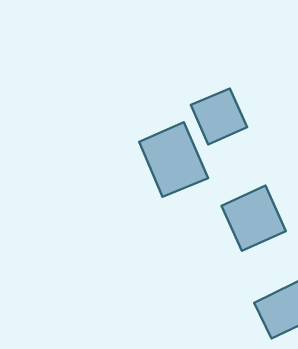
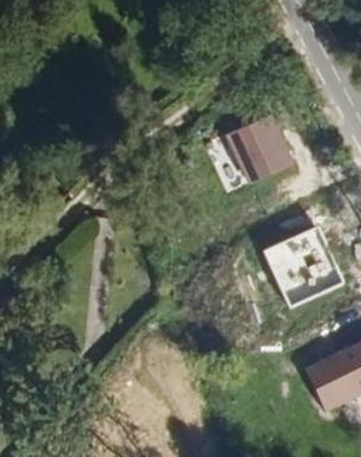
building: [139,122,208,197] -> none

